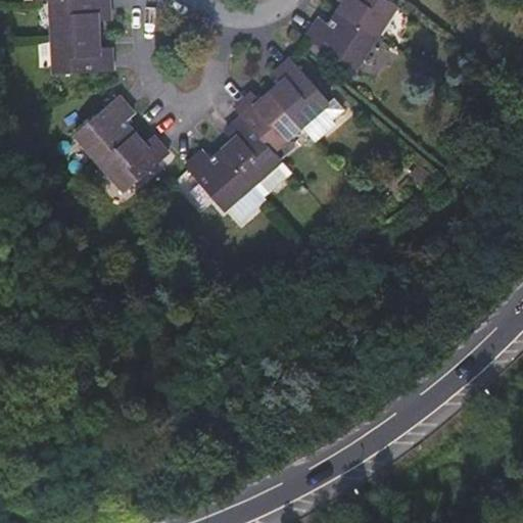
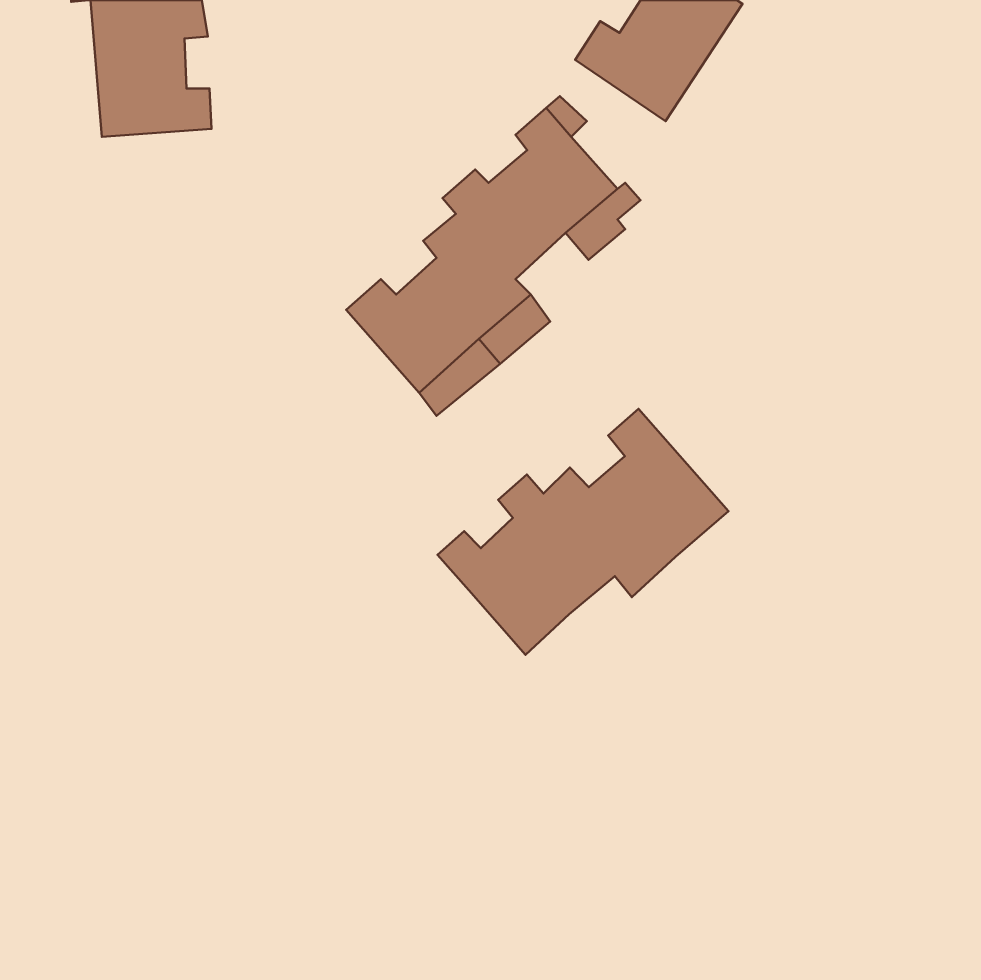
building: [76,96,169,191] -> none
building: none -> [437,409,729,655]

